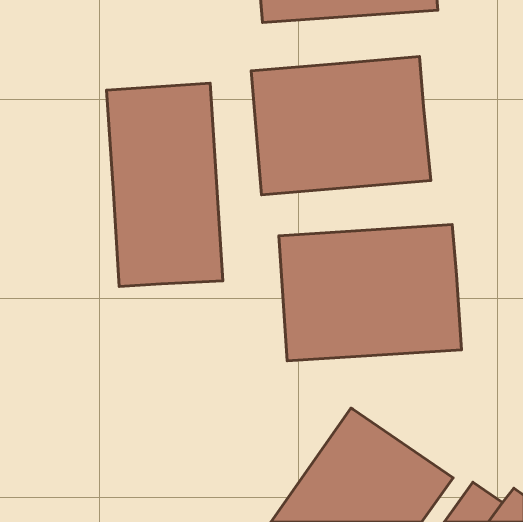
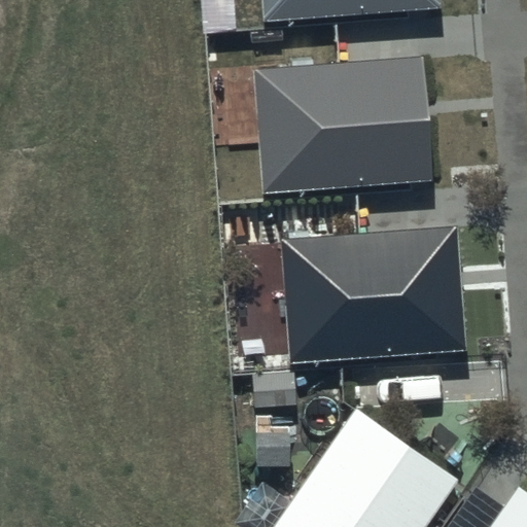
building: [107,83,223,287] -> none

